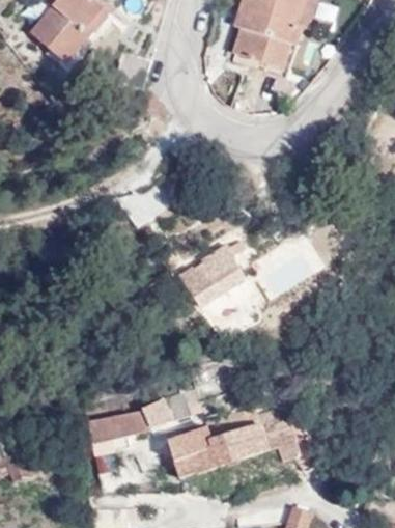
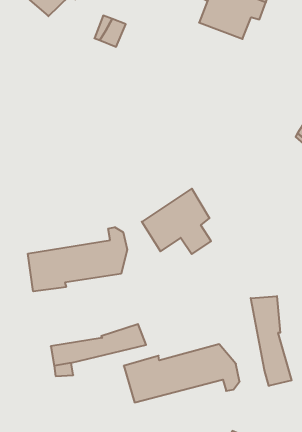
building: none -> [28,227,127,291]
building: none -> [251,296,292,386]

